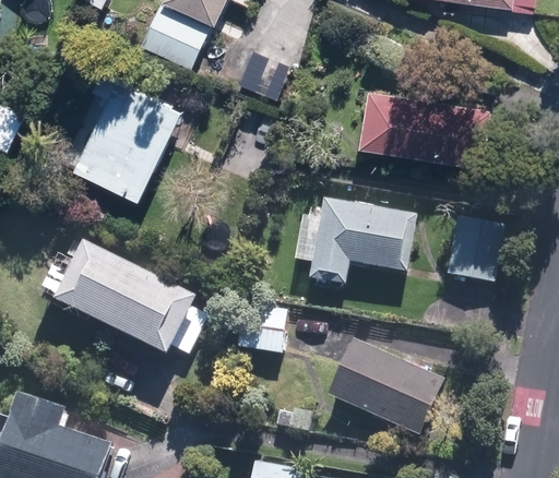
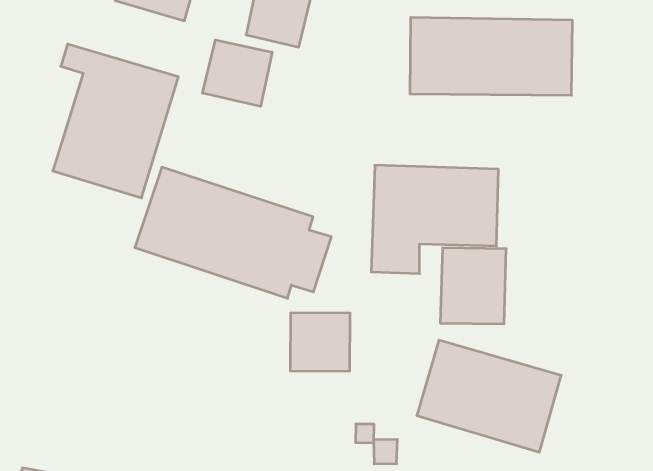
building: none -> [203,40,272,106]
building: [444,217,503,283] -> [440,248,506,324]
building: [55,242,207,357] -> [135,167,331,298]

